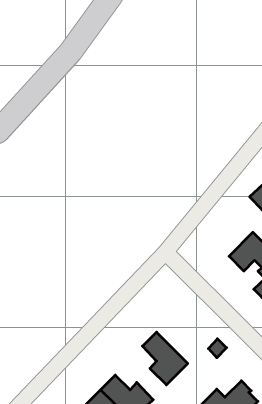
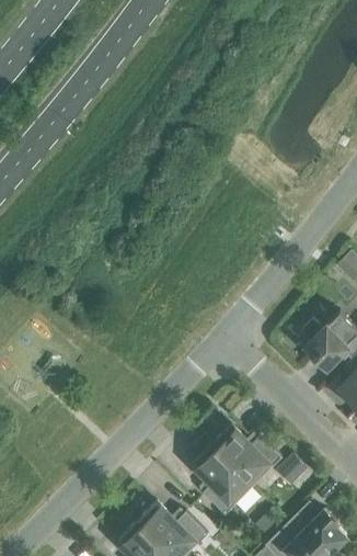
building: none -> [211,427,281,488]

